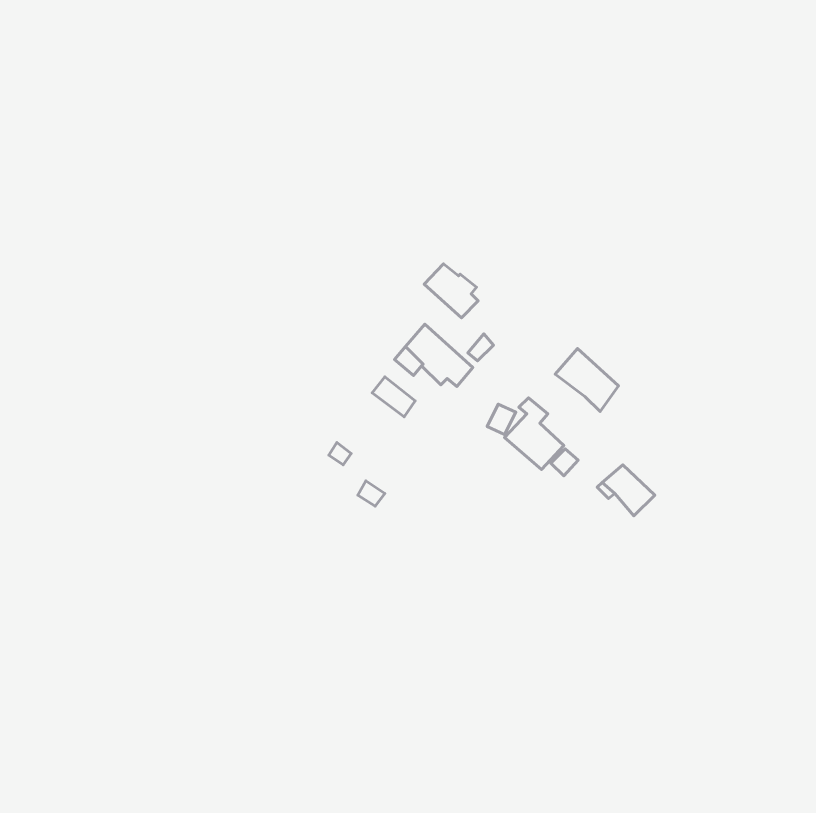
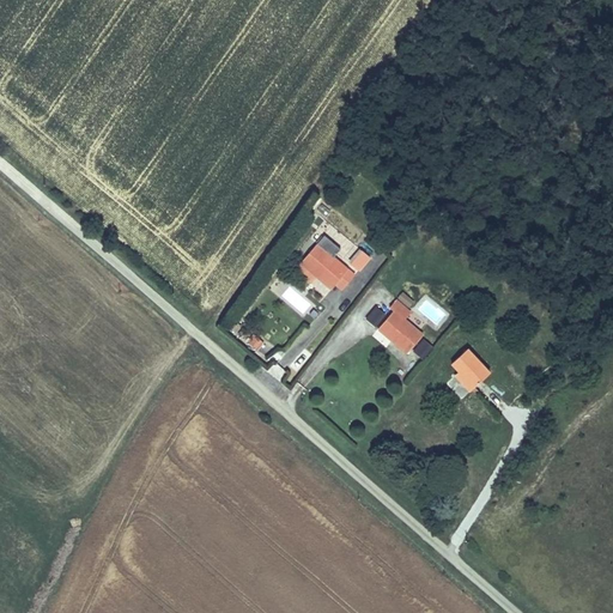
building: [424,264,478,318] -> none
building: [555,348,619,411] -> none

